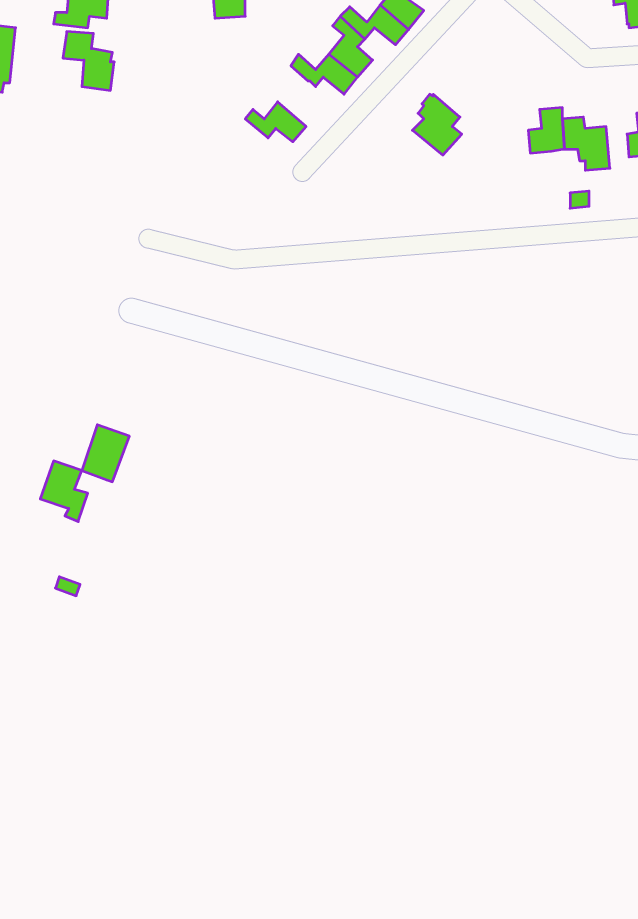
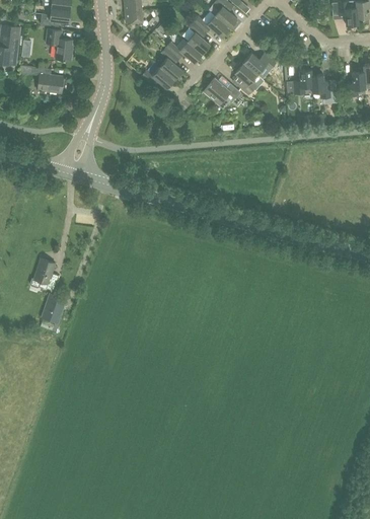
building: none -> [159,47,182,79]
building: none -> [242,52,275,74]
building: none -> [33,66,62,92]
building: none -> [204,77,242,103]
building: [82,425,129,482] -> [42,292,67,322]

